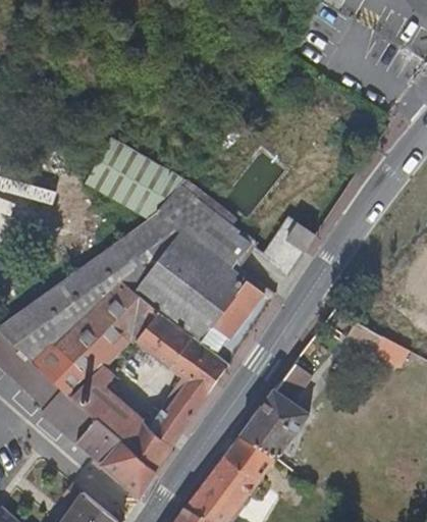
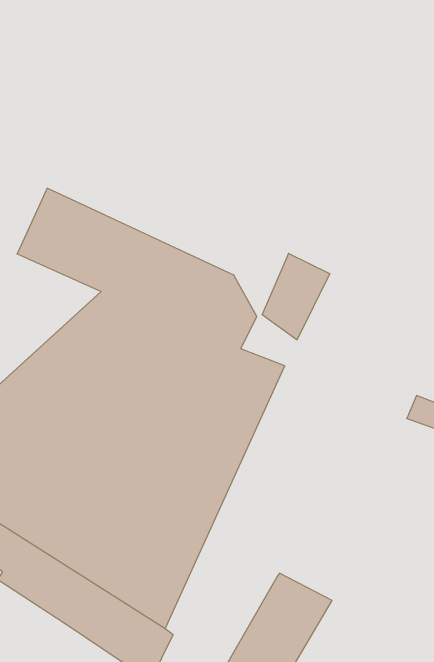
building: [243,365,313,461] -> none

